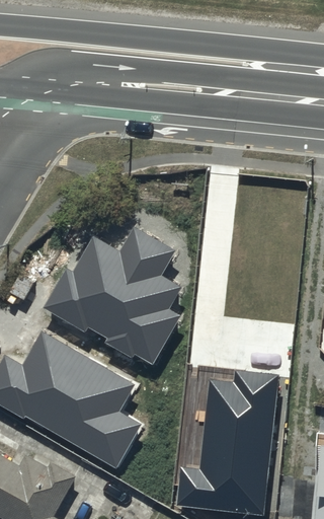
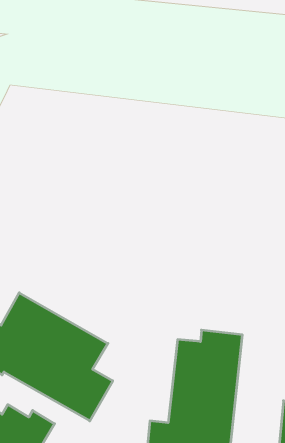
building: [40,226,179,364] -> none

